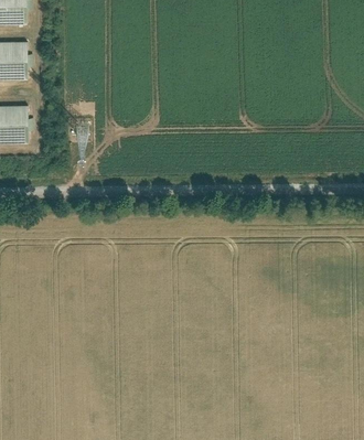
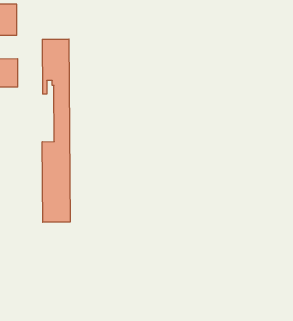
building: none -> [42,39,70,222]

